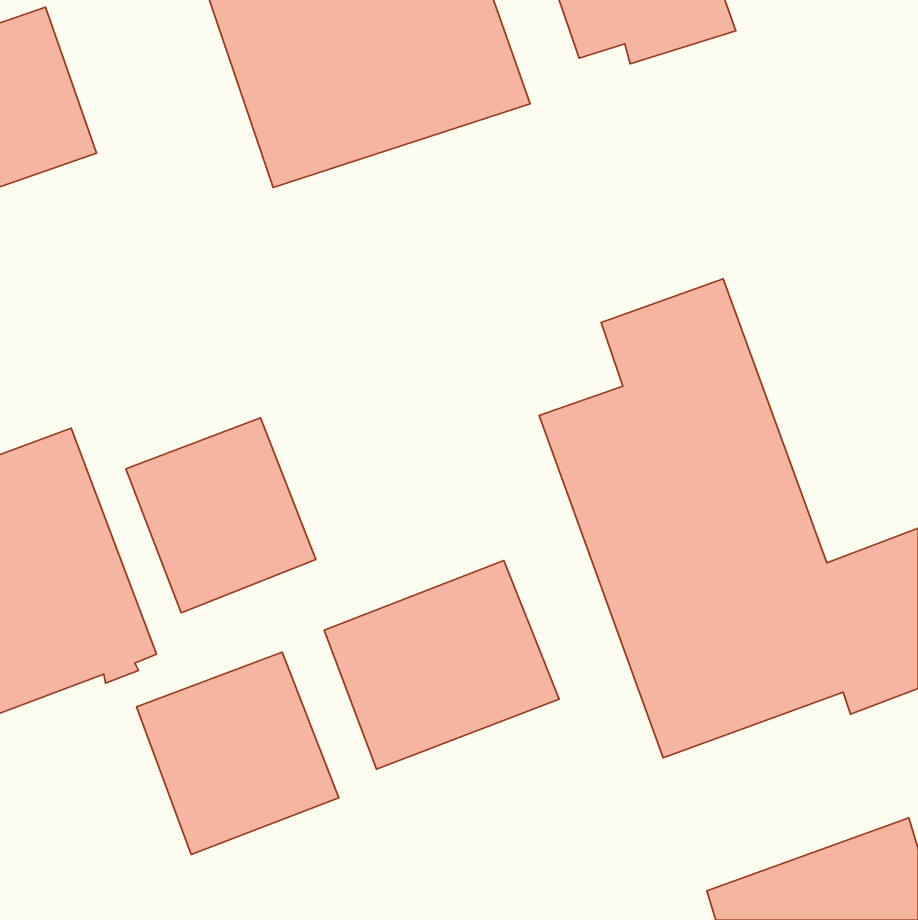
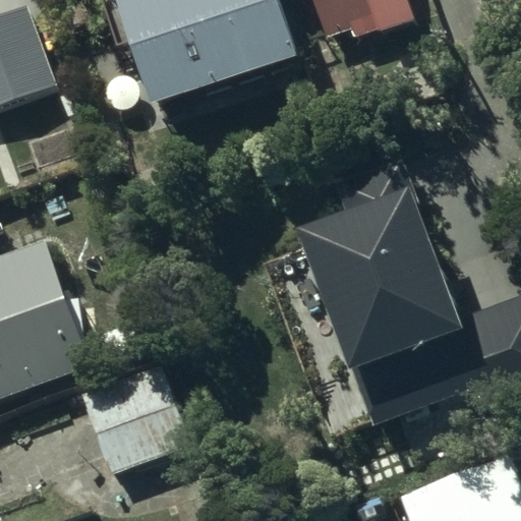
building: [126,418,316,613] -> none
building: [324,560,559,769] -> none

